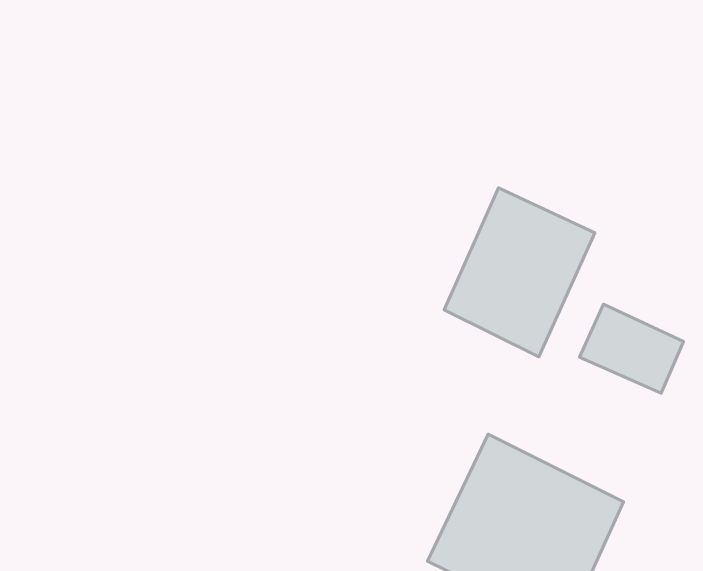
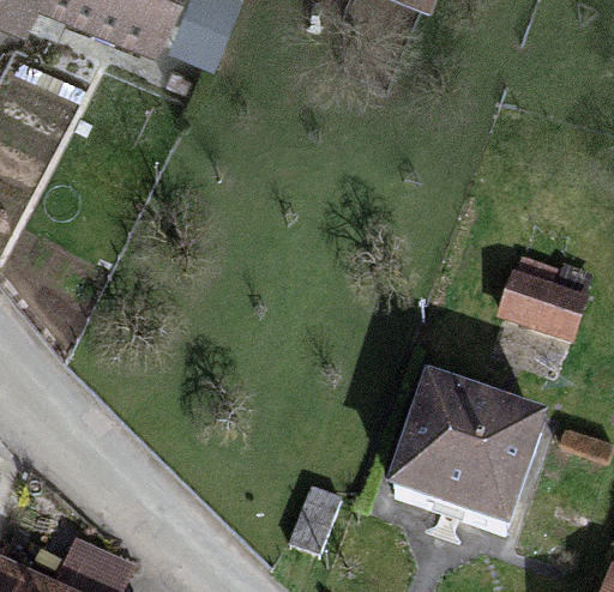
building: [444,188,595,357] -> none

